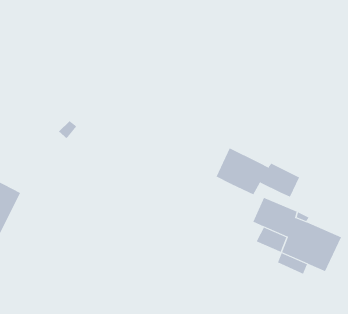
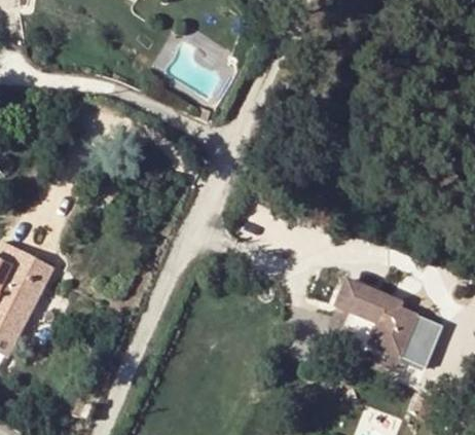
building: [216,148,300,198] -> none

